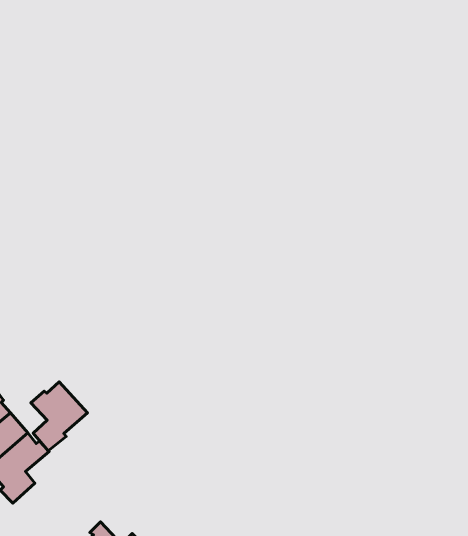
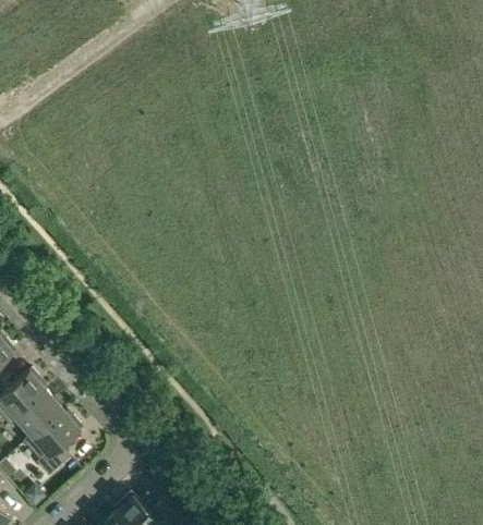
building: [31,382,88,451] -> none

